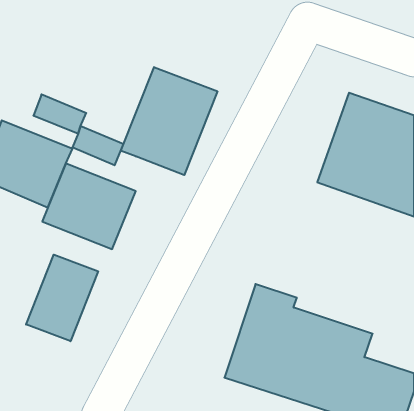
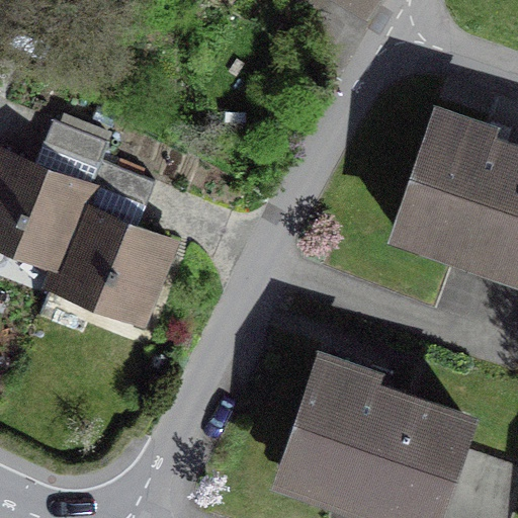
building: [121,67,217,175] -> none
building: [26,255,98,341] -> none

